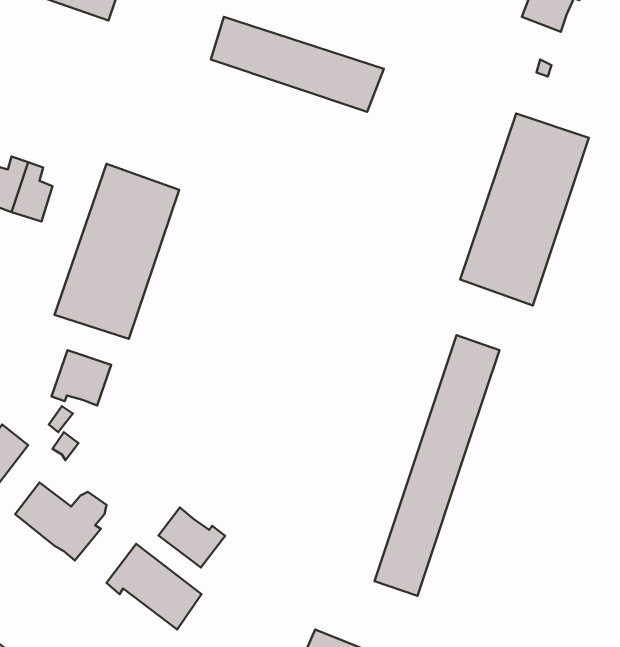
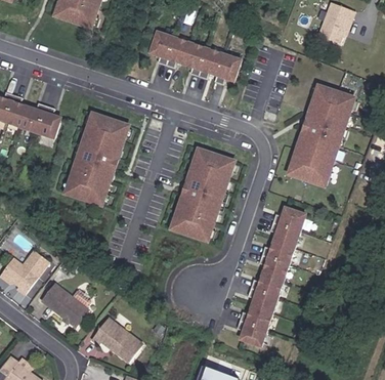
building: none -> [167,144,236,242]
building: [51,350,111,406] -> none
building: [159,508,225,567] -> none

